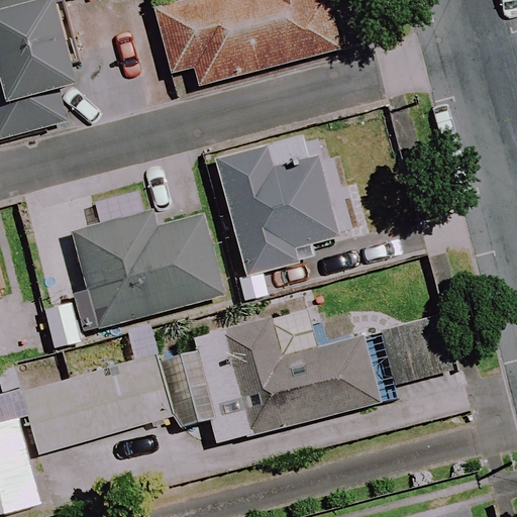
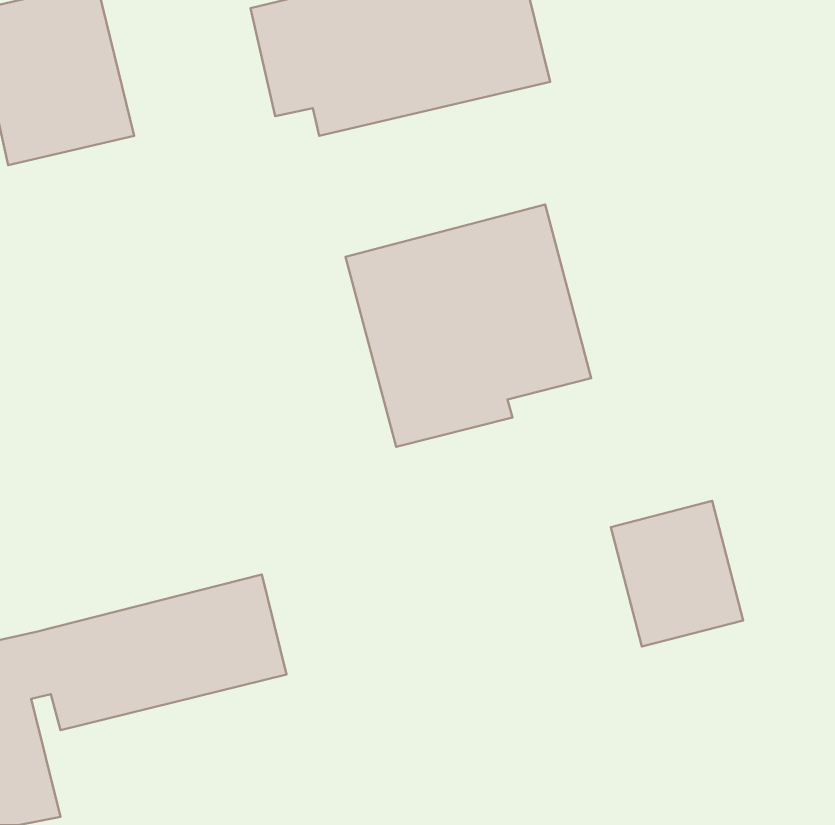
building: [72,200,221,329] -> none
building: [162,318,381,444] -> none

